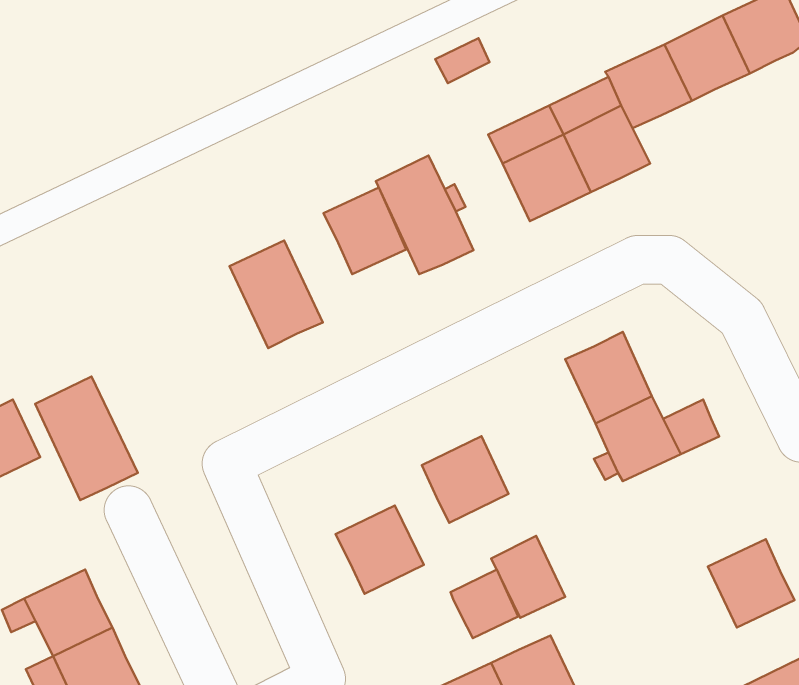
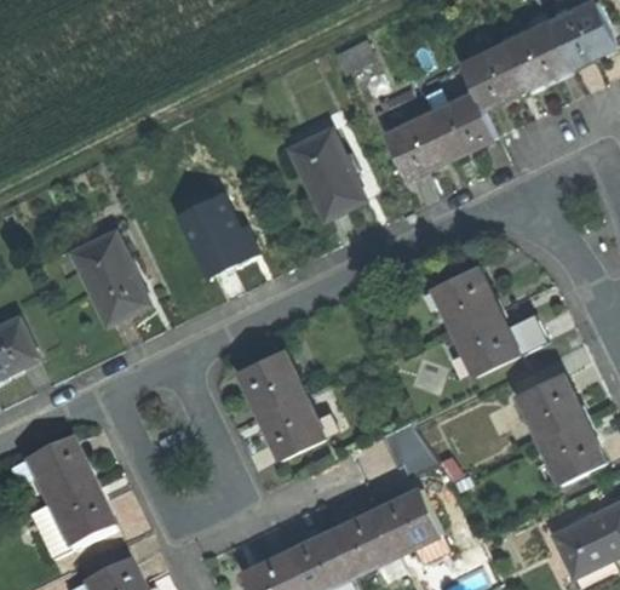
building: [324,187,406,274] -> none
building: [35,377,138,500] -> [70,230,148,323]
building: [422,436,509,523] -> [239,349,304,414]
building: none -> [521,378,584,439]
building: [450,570,518,638] -> none

